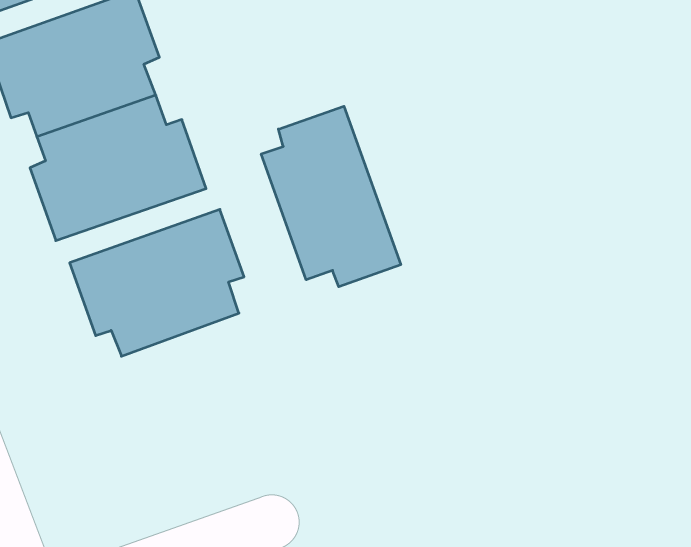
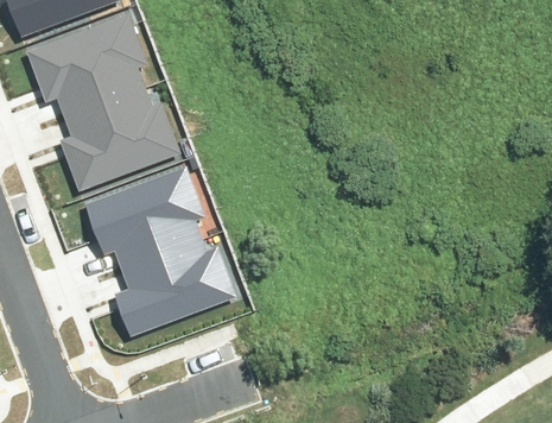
building: [261,106,401,287] -> none
building: none -> [114,234,236,335]

